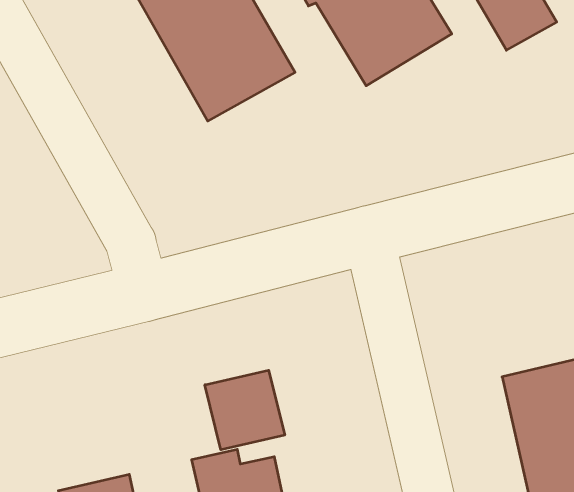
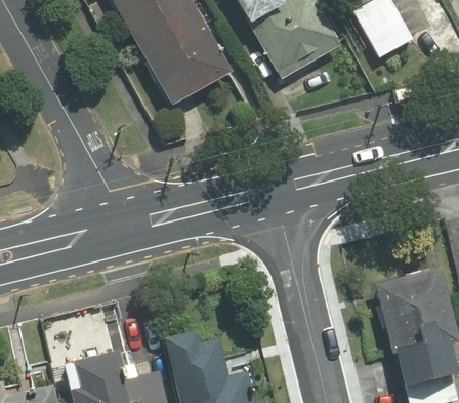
building: [205,370,285,450] -> none

